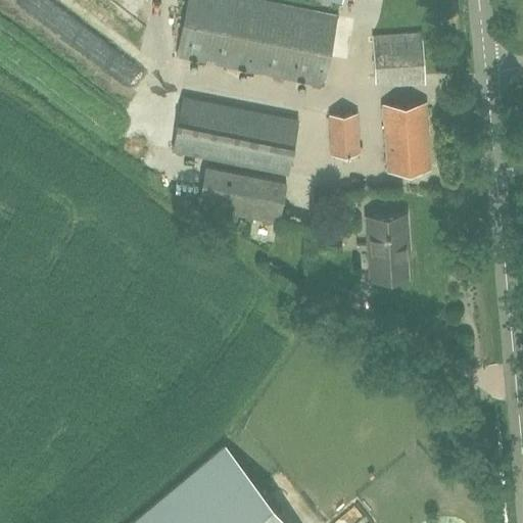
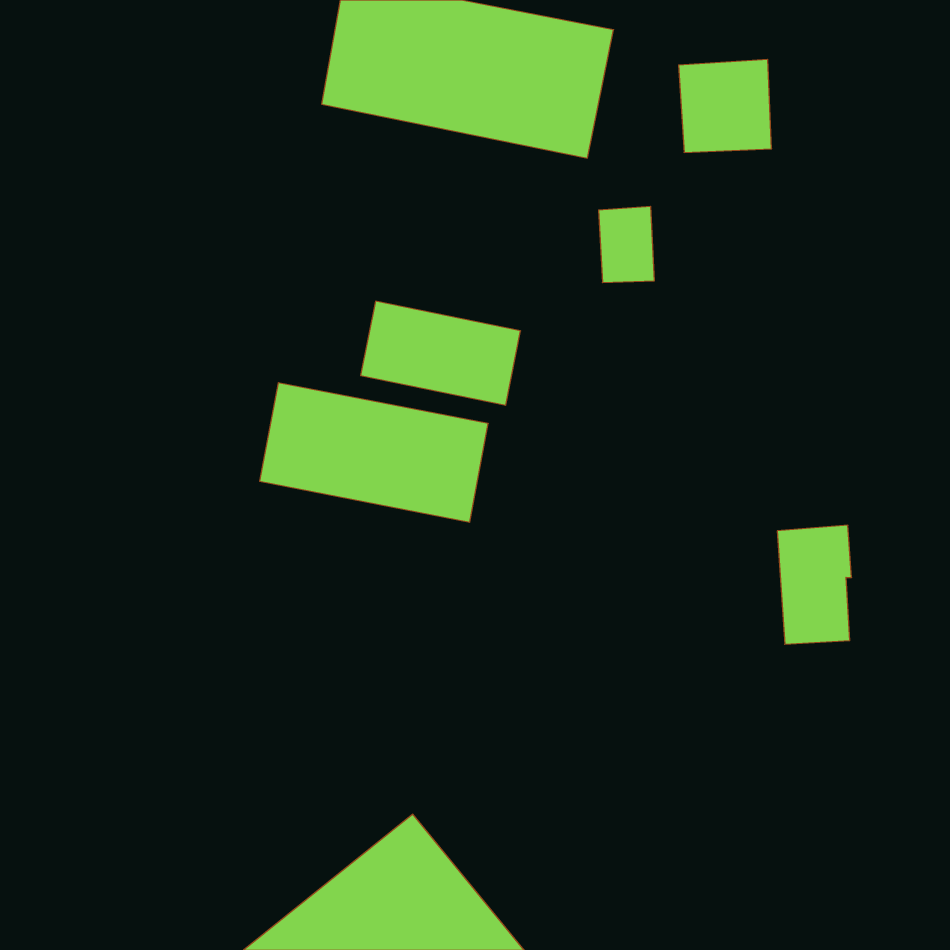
building: [173,98,298,175] -> [260,383,488,522]
building: [383,103,431,172] -> none
building: [367,213,408,279] -> [777,525,852,644]

